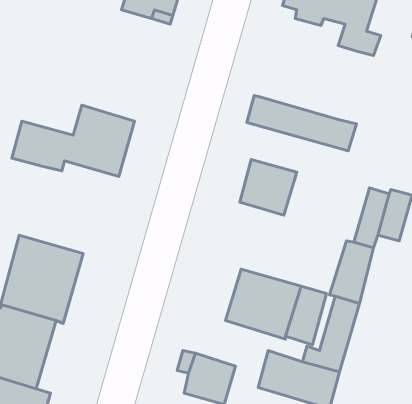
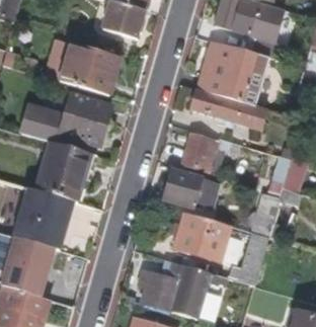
building: none -> [48,40,118,94]
building: none -> [199,40,267,105]
building: none -> [30,139,89,201]
building: none -> [166,169,219,207]

